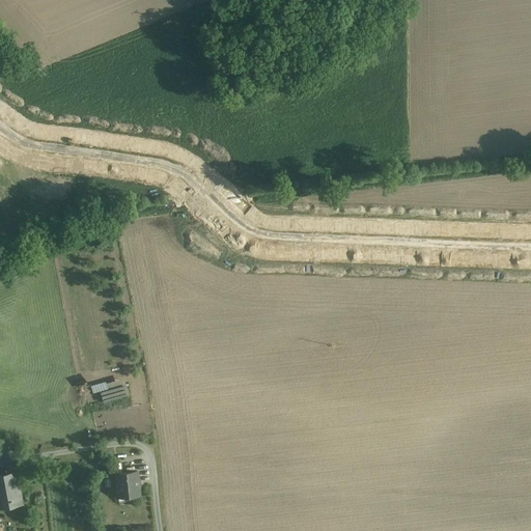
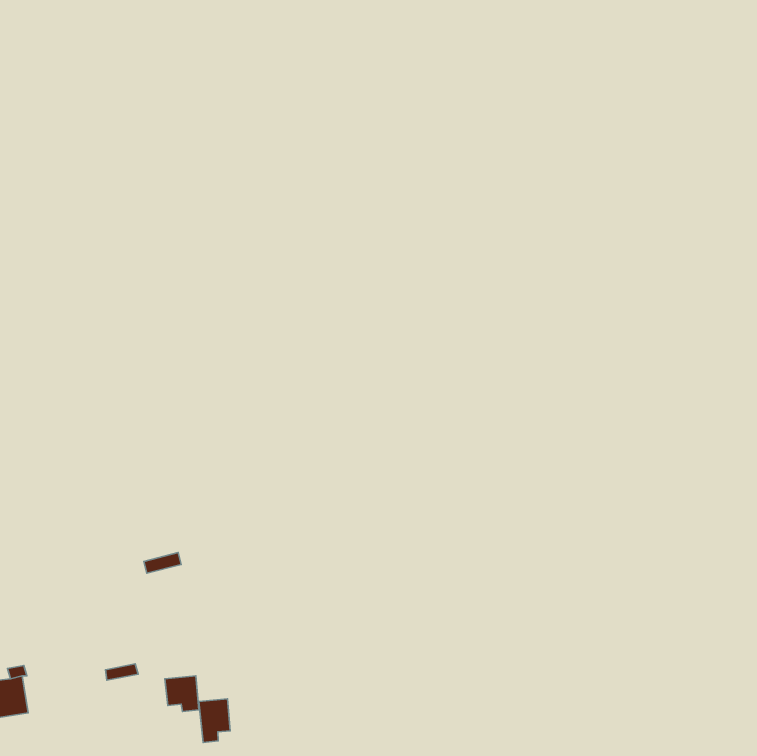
building: none -> [199,699,230,742]

